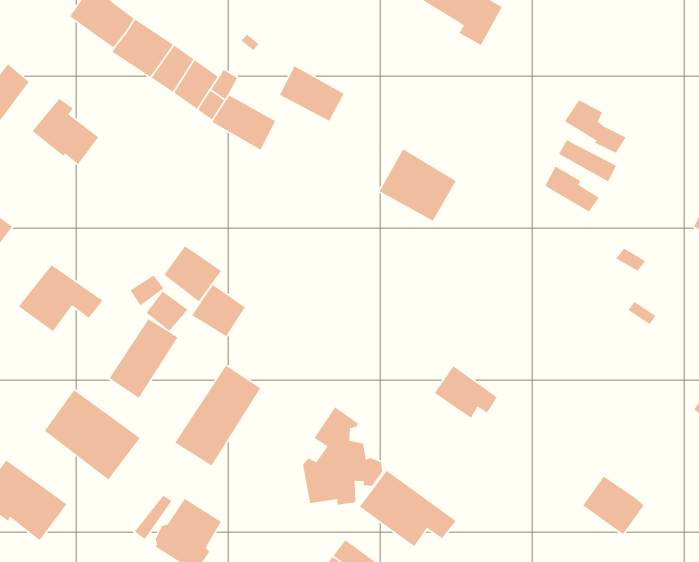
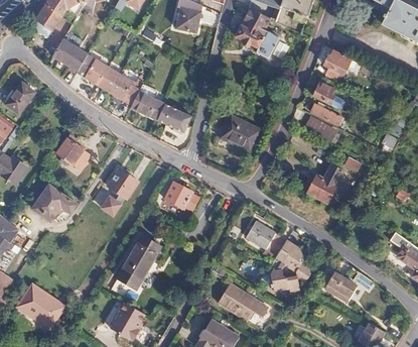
building: none -> [321,48,350,79]
building: [279,65,345,122] -> [155,103,189,131]
building: [32,98,99,165] -> [55,133,91,167]
building: none -> [305,162,341,201]
building: [191,284,246,337] -> [167,181,195,208]
building: [108,318,178,399] -> none
building: [44,389,141,481] -> none
building: [302,406,383,506] -> [273,240,315,292]

